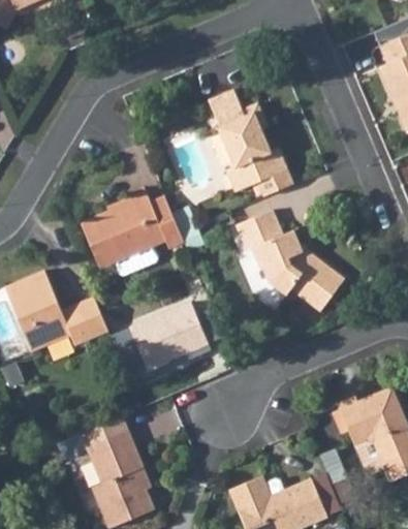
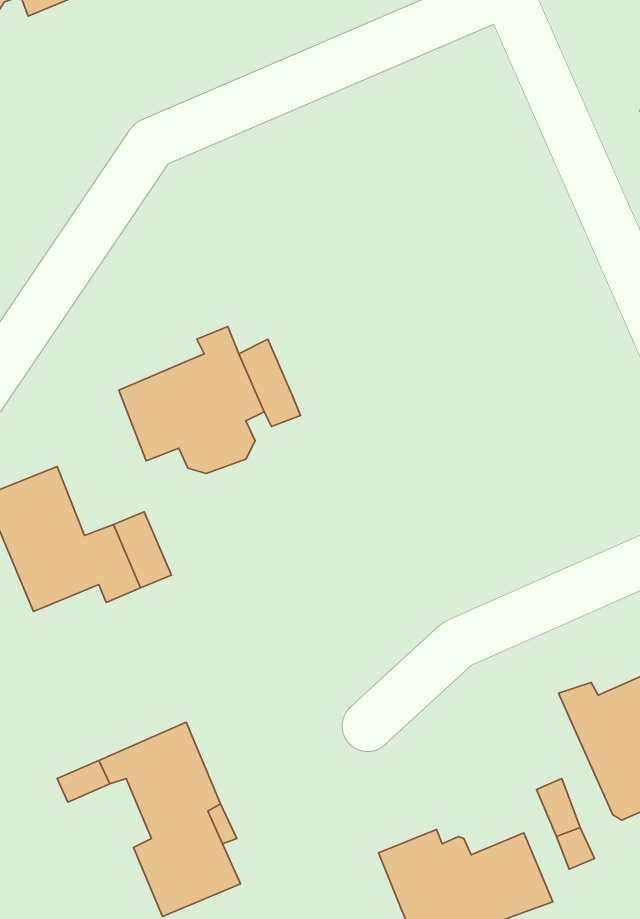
building: [206,90,292,196] -> none
building: [233,212,347,308] -> none
building: [131,299,213,368] -> none

